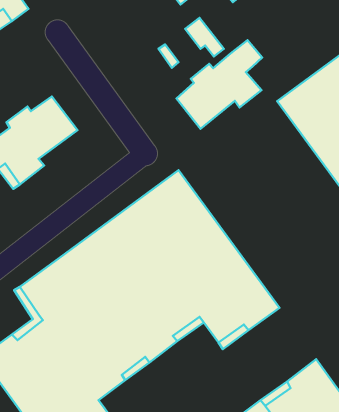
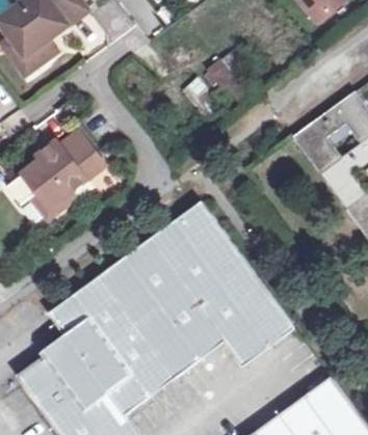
building: [177,40,262,129] -> none

